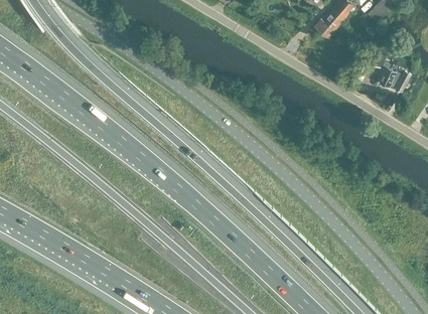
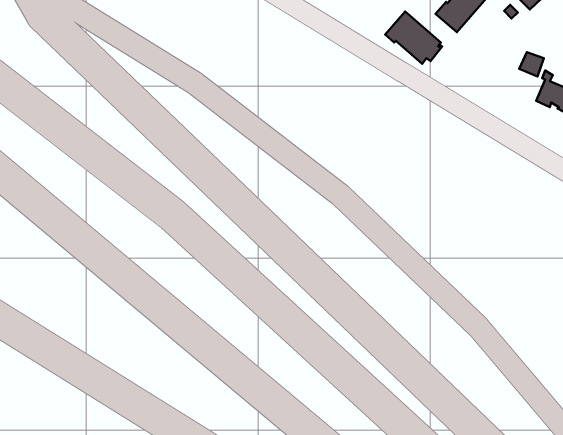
building: none -> [385,12,442,64]

